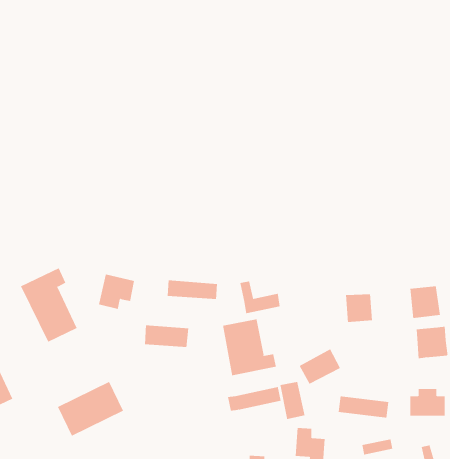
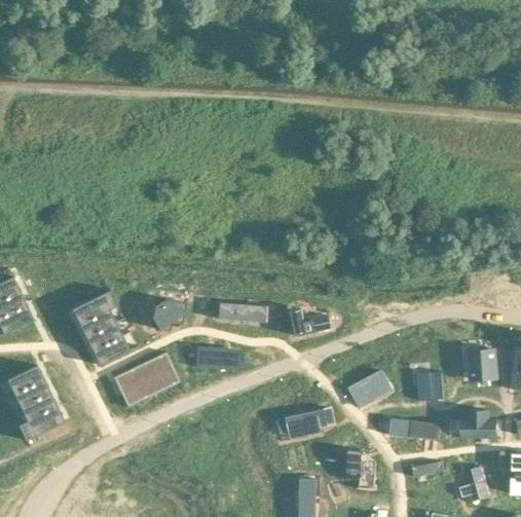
building: [410,286,440,319] -> none
building: [345,294,373,322] -> [416,371,444,400]
building: [223,319,276,376] -> none
building: [57,381,124,436] -> [112,350,179,406]
building: [280,381,305,420] -> none

